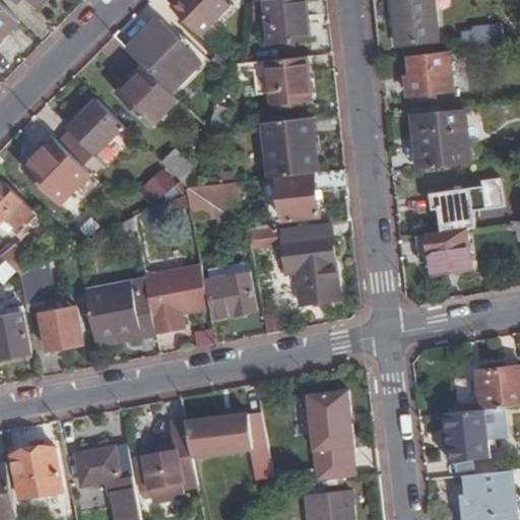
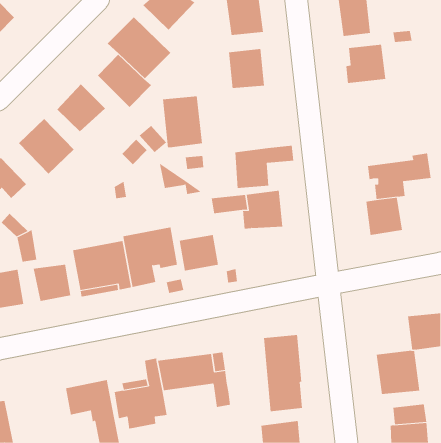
building: [403,109,458,171] -> none
building: [265,117,313,178] -> [162,96,203,148]
building: [295,265,335,306] -> none
building: [10,449,60,499] -> none

